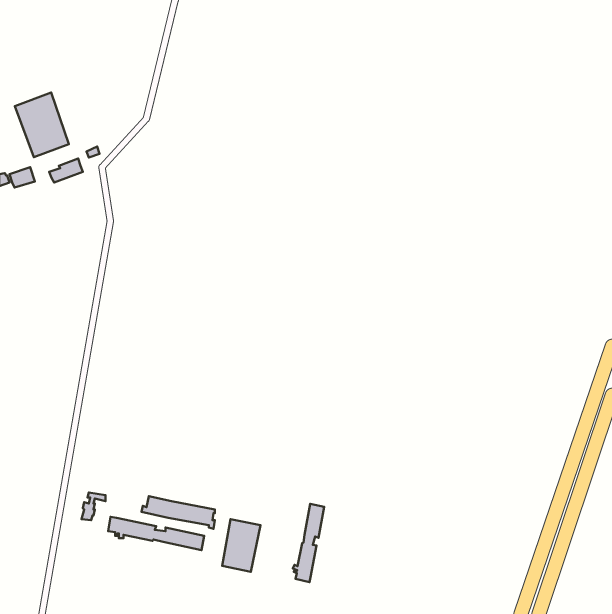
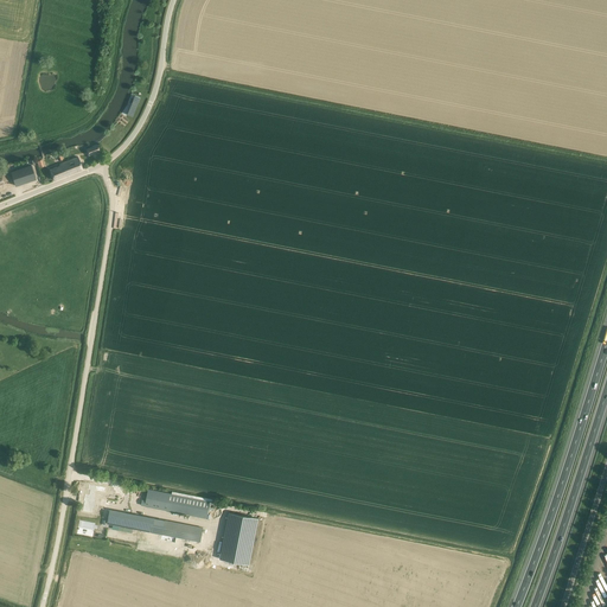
building: [15,93,69,157] -> none
building: [293,504,324,582] -> none

